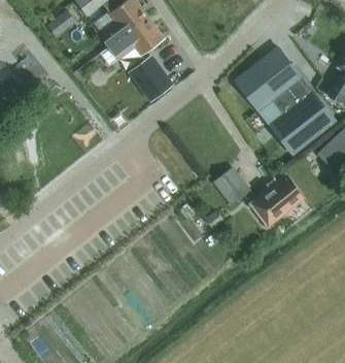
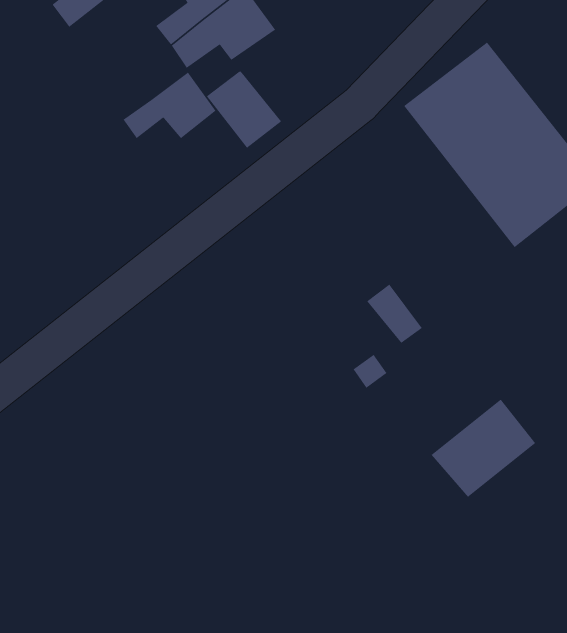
building: none -> [123,72,216,139]
building: [249,173,305,226] -> [431,398,536,498]

